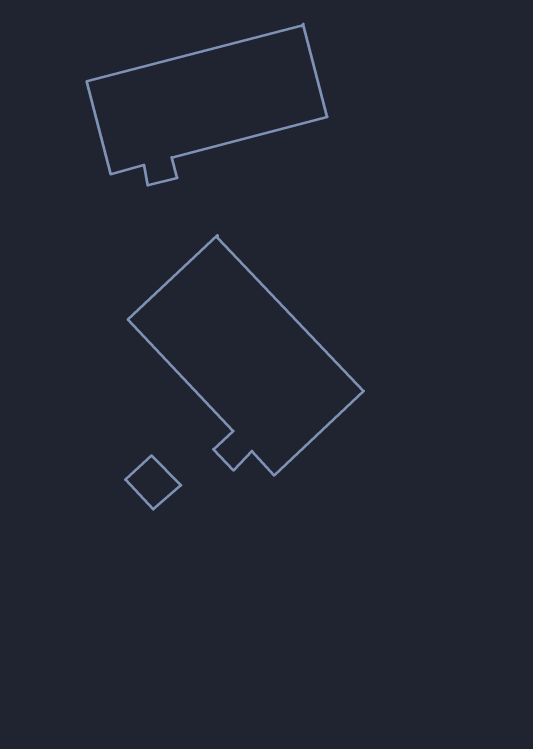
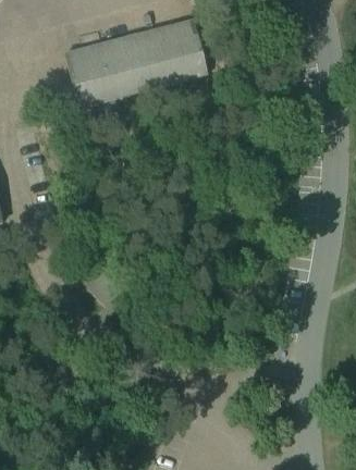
building: [128,235,364,475] -> none

